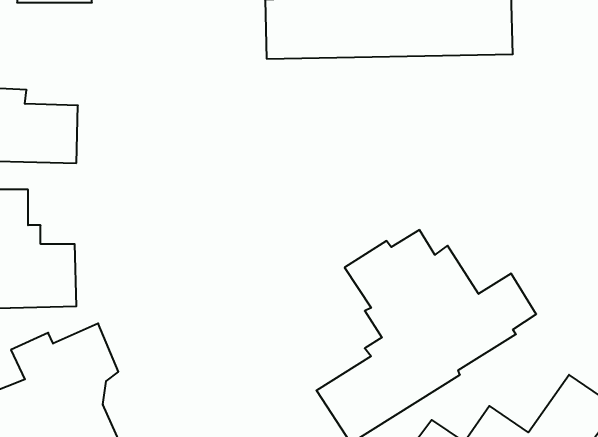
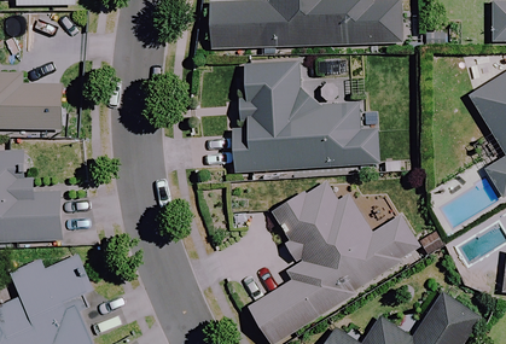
building: none -> [229,60,376,175]

